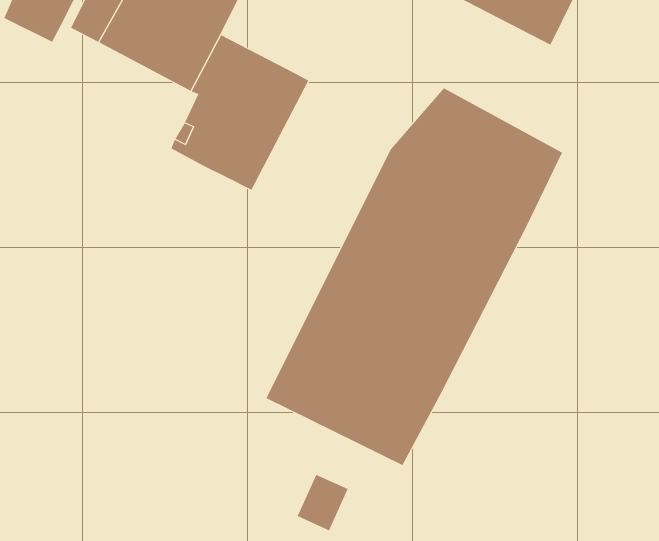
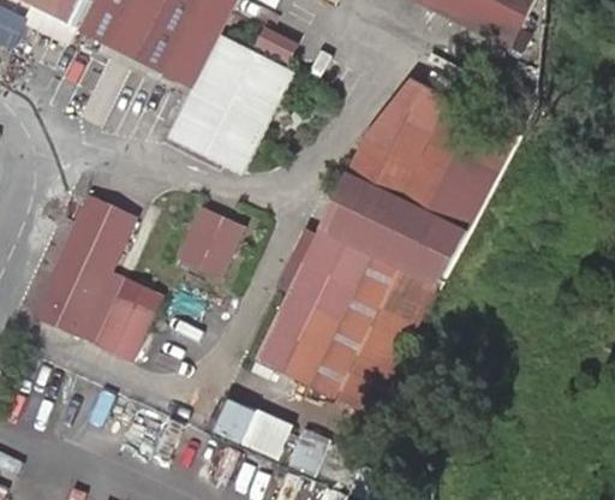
building: none -> [32,194,131,334]
building: none -> [173,206,239,275]
building: none -> [94,292,150,357]
building: none -> [208,395,287,457]

